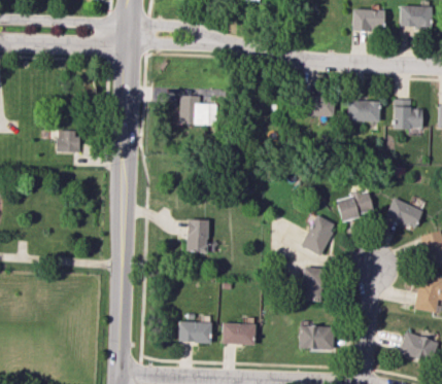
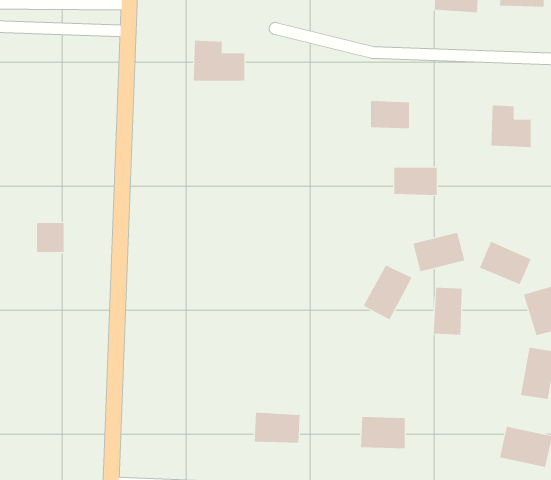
building: [179,95,217,125] -> [193,40,245,81]
building: [348,101,380,121] -> [393,167,437,195]
building: [59,131,79,152] -> [36,223,64,252]
building: [186,219,209,252] -> none
building: [302,267,324,302] -> [433,287,463,335]
building: [178,321,212,343] -> none

